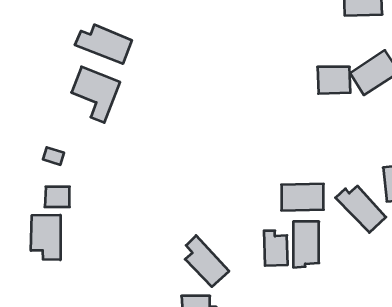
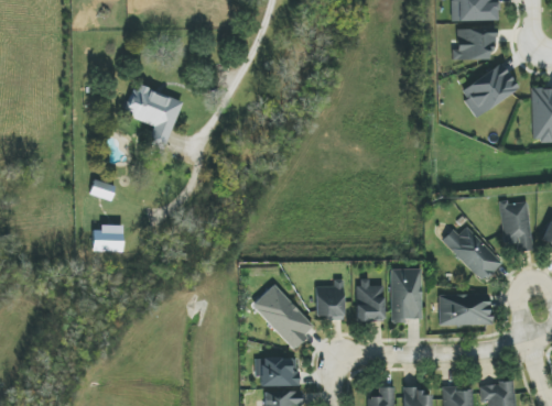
building: [75,25,132,64] -> none
building: [317,67,350,94] -> [454,29,494,61]
building: [281,184,324,210] -> [440,294,490,326]
building: [31,215,60,260] -> none
building: none -> [316,279,345,319]

